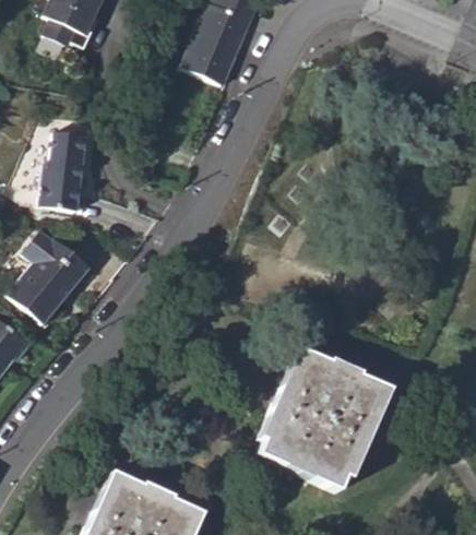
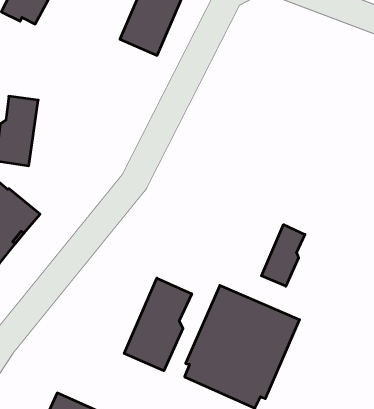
building: none -> [261,225,305,286]
building: none -> [124,278,192,371]

